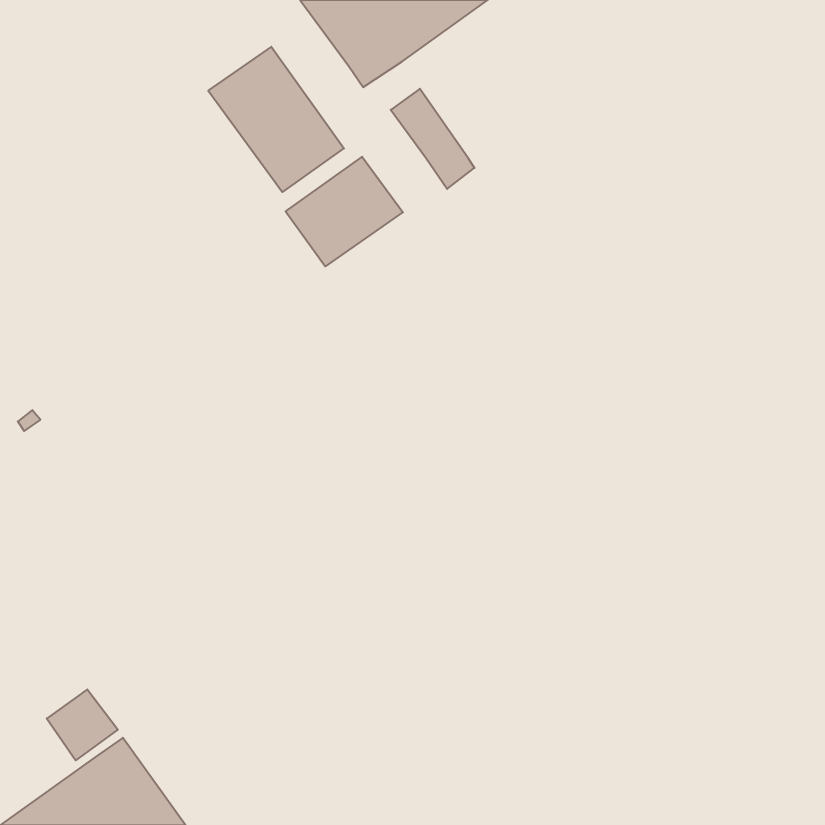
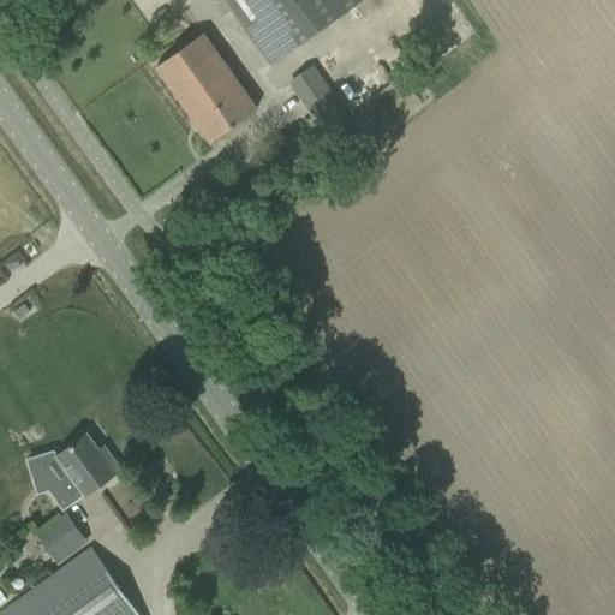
building: [286,157,403,266] -> none
building: none -> [34,435,119,510]

